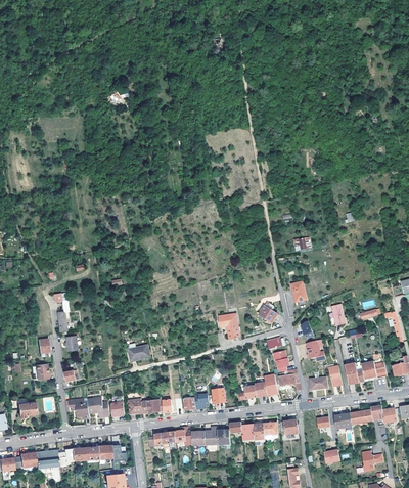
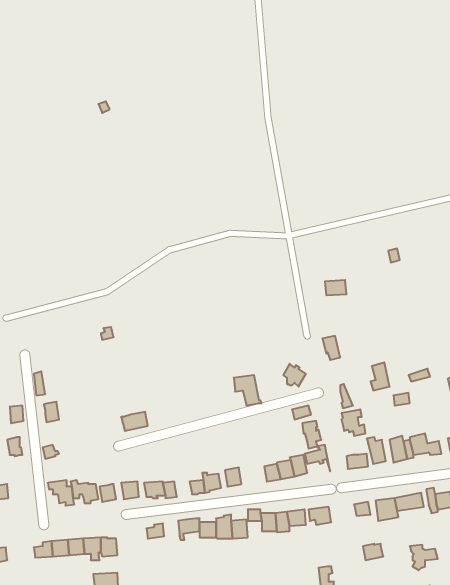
building: [35,449,59,469] -> none

